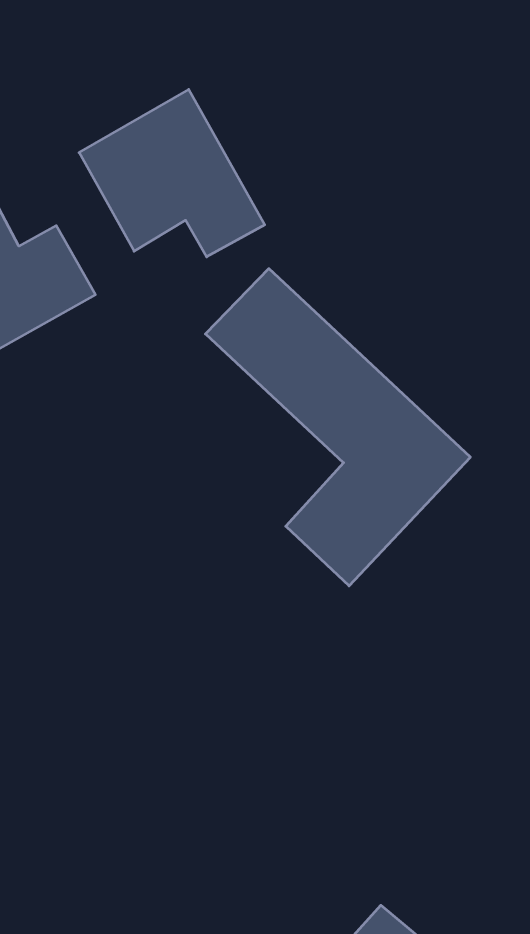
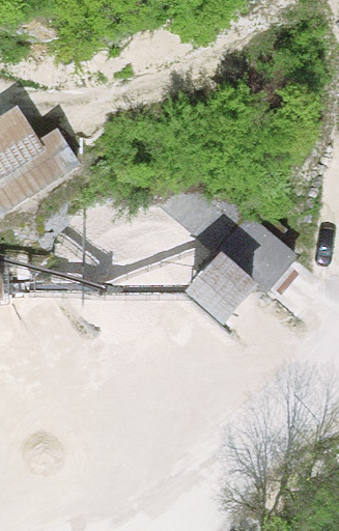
building: [79,89,265,257] -> none

